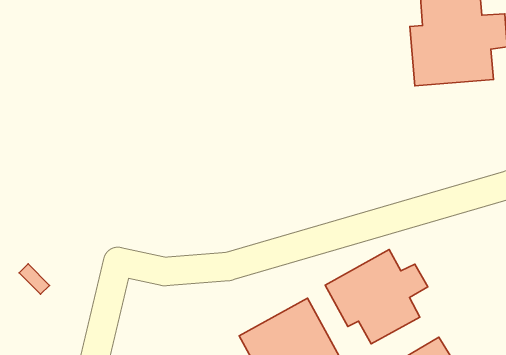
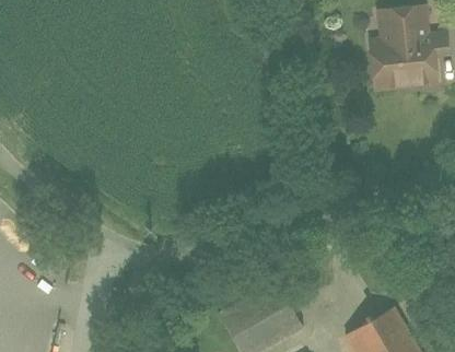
building: [325,250,428,344] -> none

